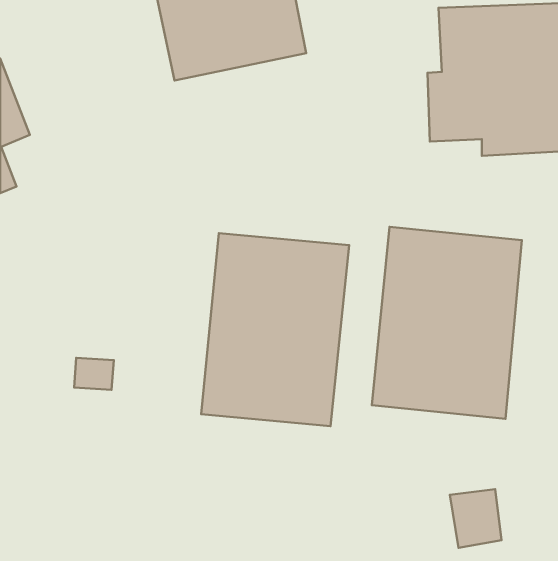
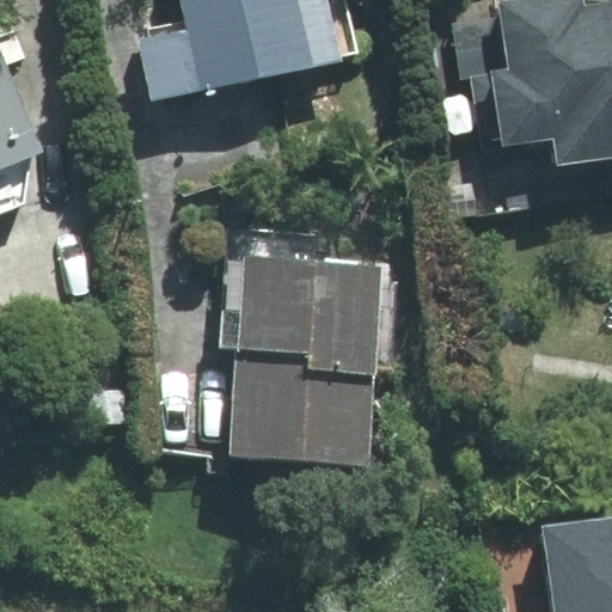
building: [372,227,522,419] -> none

